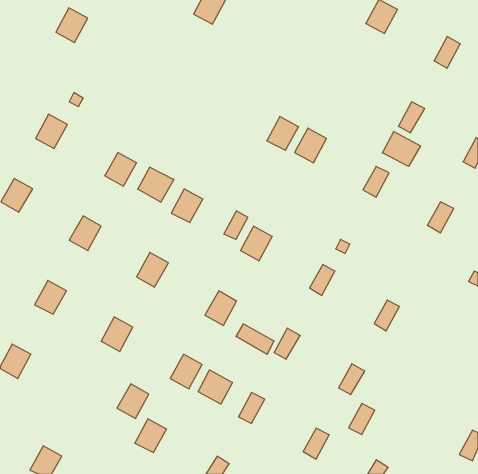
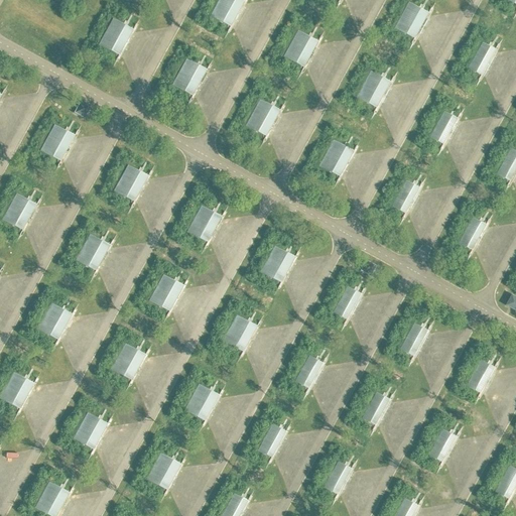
building: [56,8,88,43] -> [97,17,131,54]
building: none -> [281,28,315,66]
building: none -> [171,58,206,95]
building: none -> [355,70,389,106]
building: [267,117,299,150] -> [243,98,277,134]
building: [382,131,420,166] -> none
building: [138,167,174,202] -> none
building: [224,211,248,240] -> none
building: [236,324,274,354] -> none
building: none -> [467,358,495,392]
building: [198,370,232,404] -> none
building: [117,384,149,418] -> [71,410,105,447]
building: [349,403,375,434] -> [428,427,457,461]

